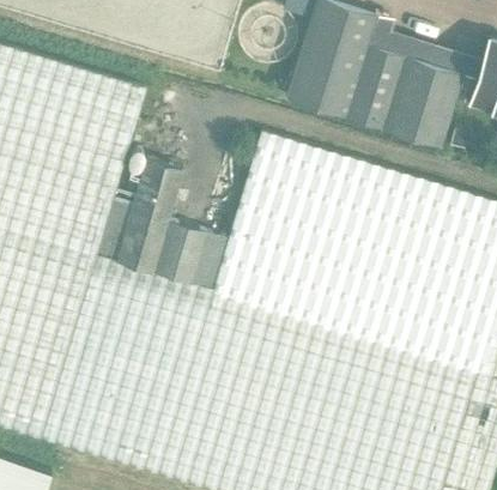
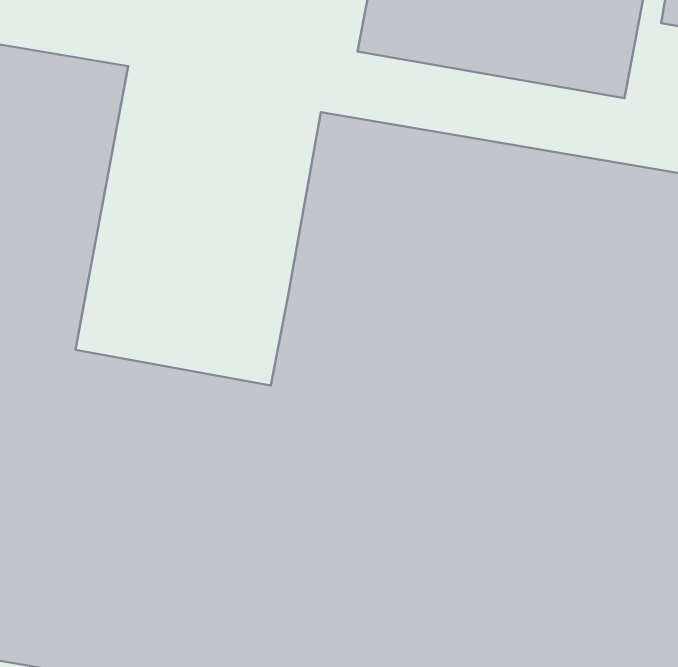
building: [95,161,225,290] -> none

